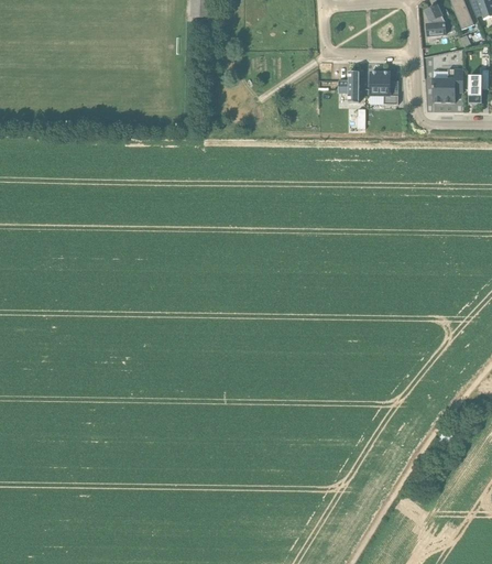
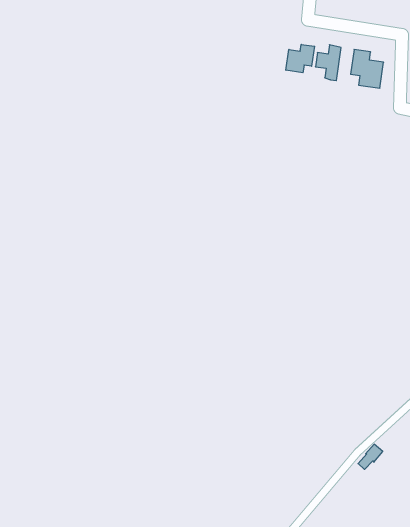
building: none -> [286,44,315,73]

